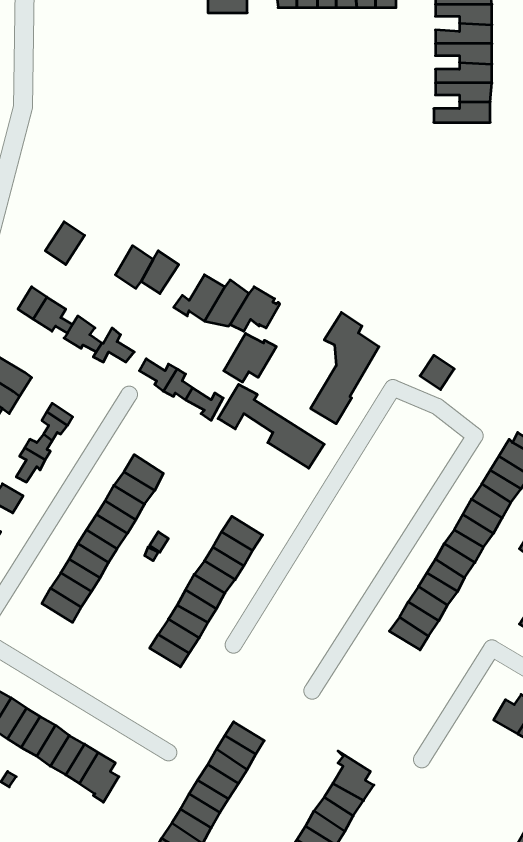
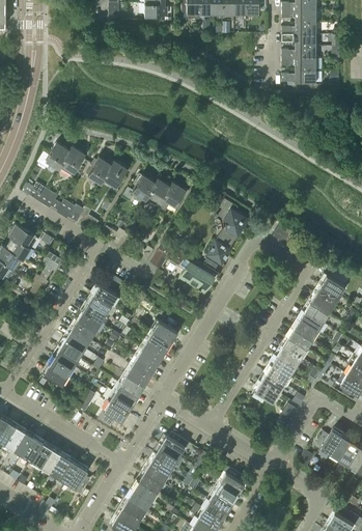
building: none -> [58,147,85,176]
building: [224,333,276,382] -> none
building: none -> [98,401,128,428]
building: none -> [160,432,190,457]

